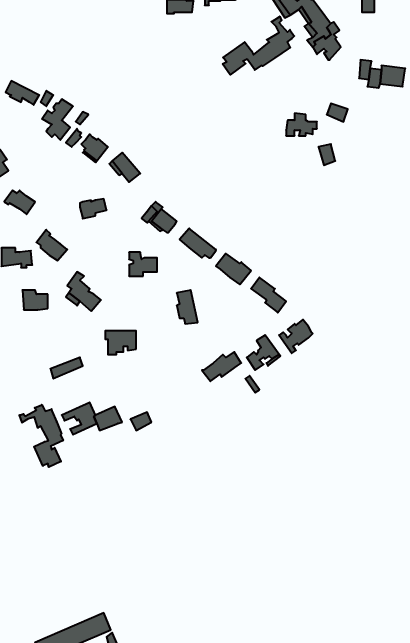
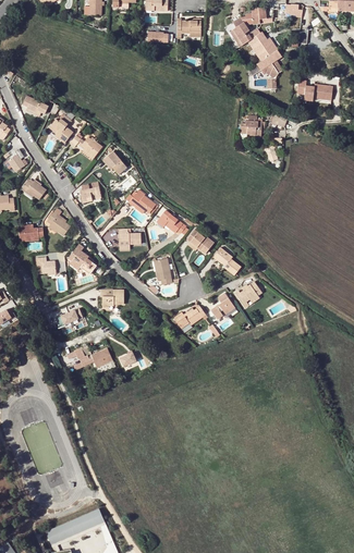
building: [223,16,294,75] -> none
building: [19,405,63,467] -> none

